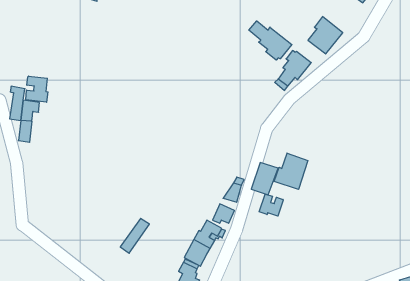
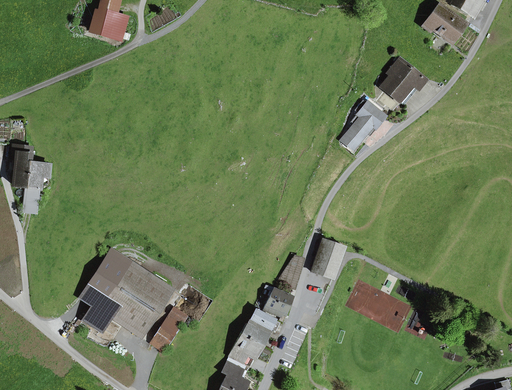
building: [249,21,292,60] -> none
building: [26,76,48,102] -> none
building: [274,153,308,189] -> none
building: none -> [81,251,172,337]
building: [259,194,283,216] -> none

